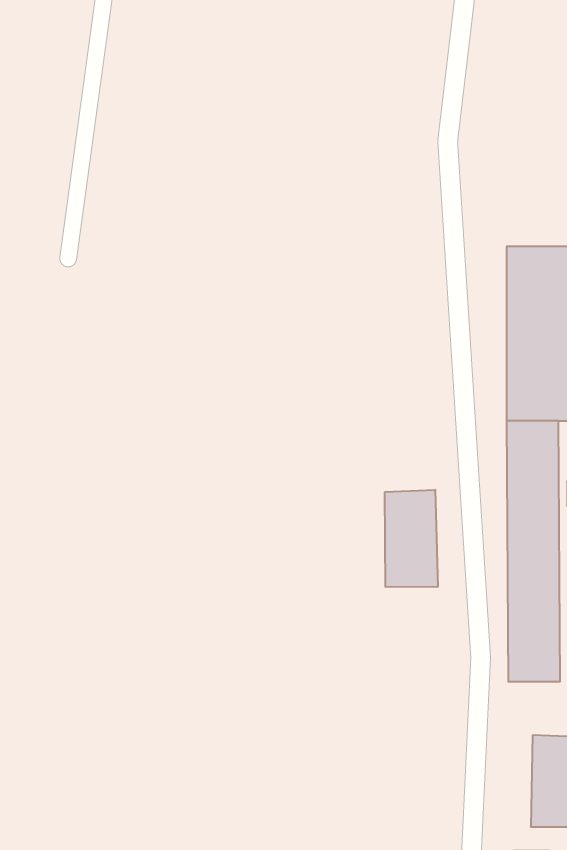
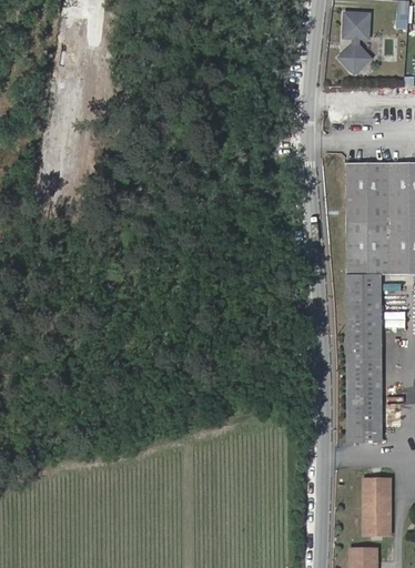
building: none -> [337,11,374,78]
building: [385,490,438,587] -> none

